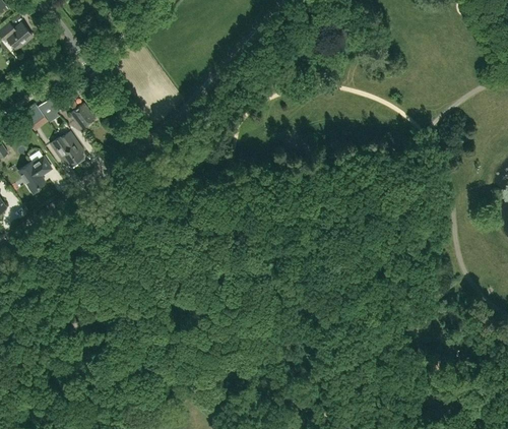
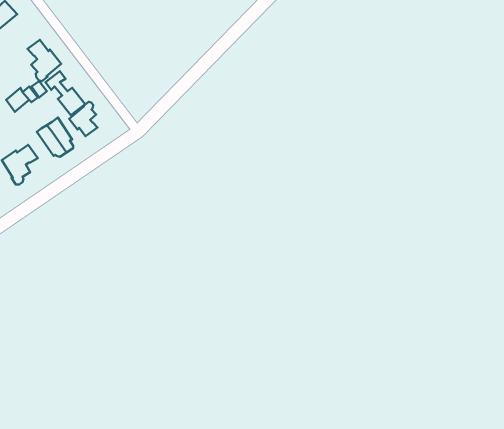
building: none -> [27,40,61,81]
building: none -> [69,102,98,136]

